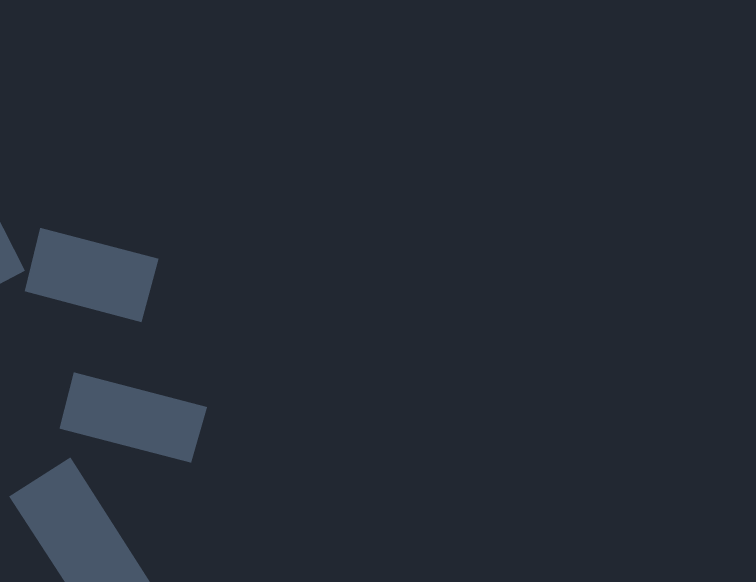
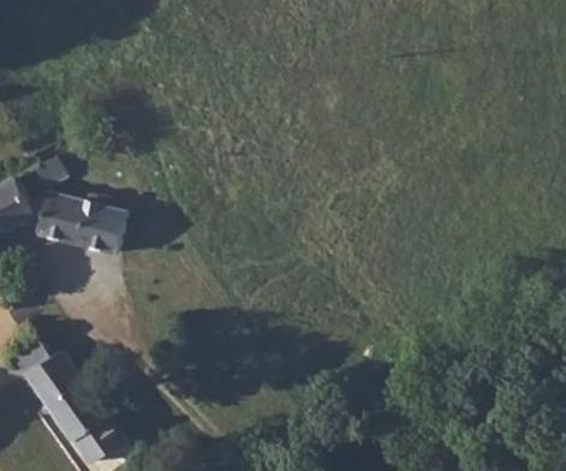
building: [59,371,208,464] -> none

